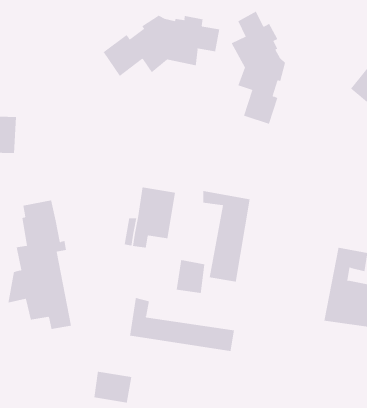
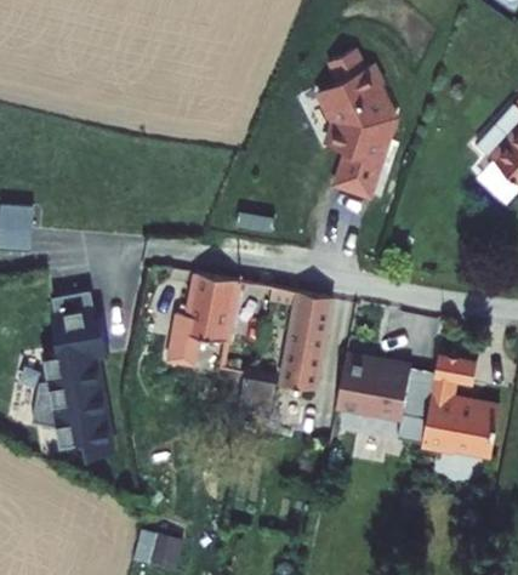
building: [103,15,220,77] -> none
building: none -> [351,357,427,421]
building: [130,297,234,352] -> none

